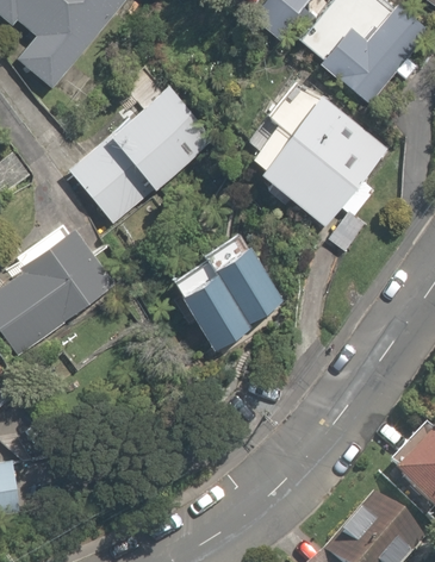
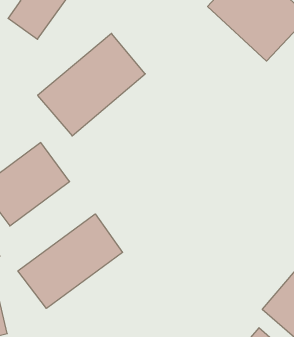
building: [246,88,391,221] -> none
building: [167,239,284,352] -> none
building: none -> [18,214,123,308]

